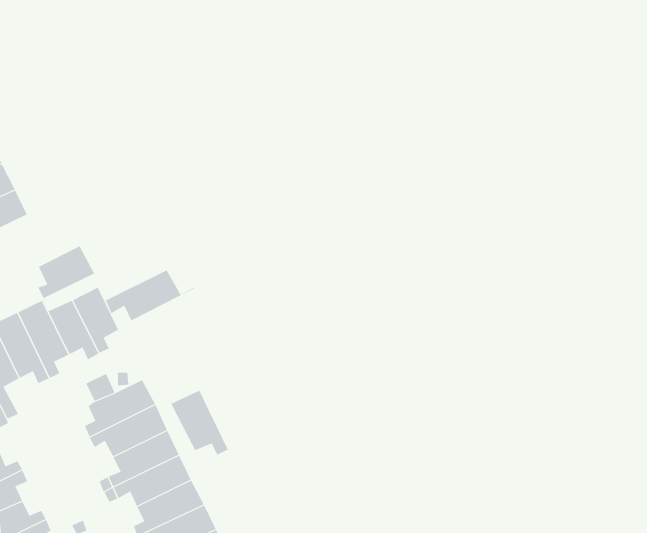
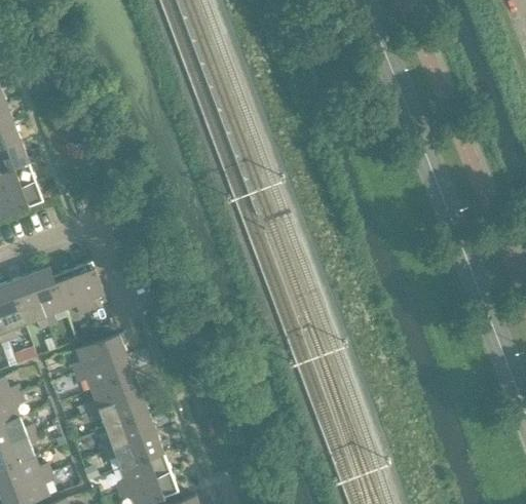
building: [38,245,95,299] -> none
building: [105,269,194,321] -> none
building: [171,390,228,456] -> none

